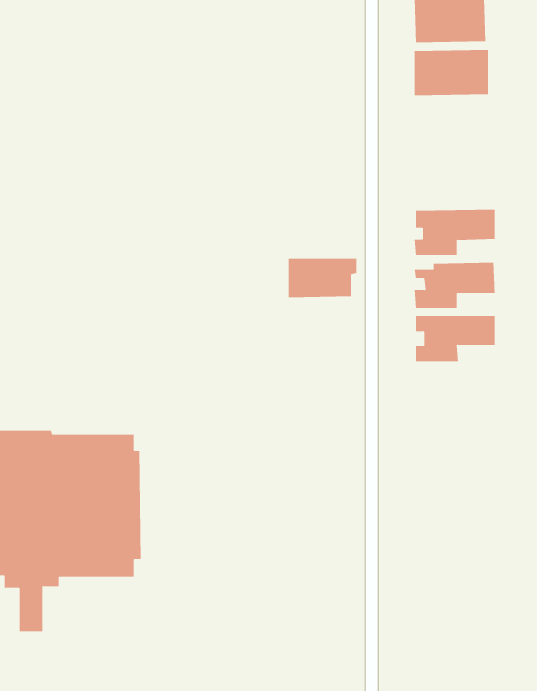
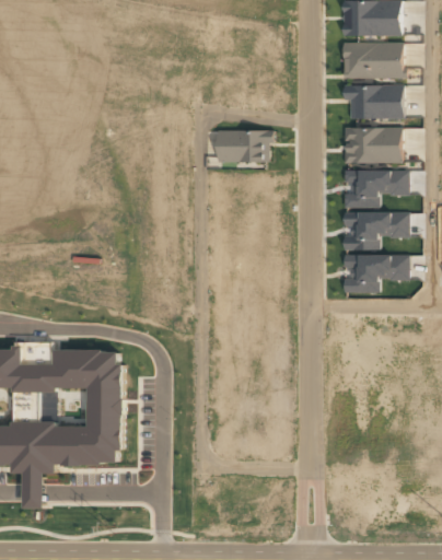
building: none -> [342,84,403,119]
building: none -> [342,127,402,163]
building: [288,258,357,298] -> [217,130,272,162]

